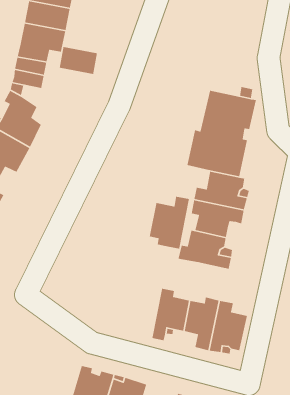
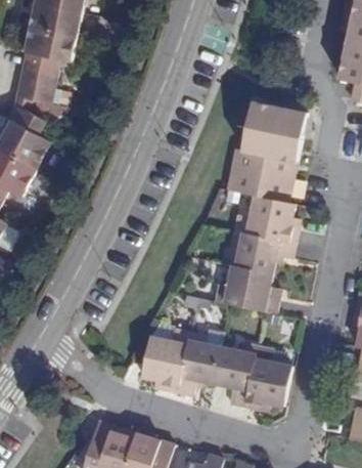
building: [59,46,98,75] -> none
building: [149,196,190,249] -> [144,331,191,392]

